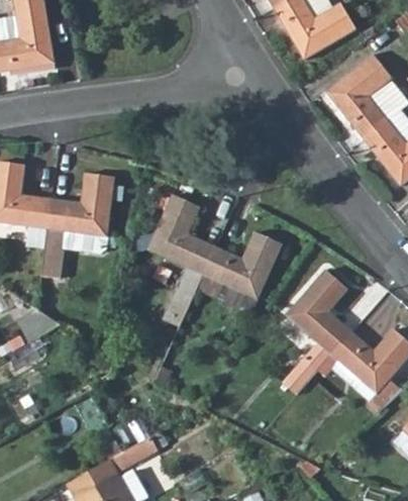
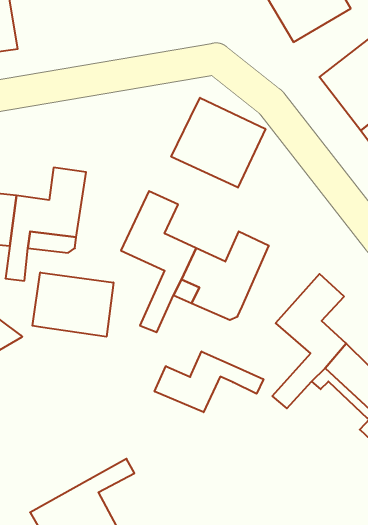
building: none -> [171,98,265,188]
building: none -> [32,272,113,337]
building: none -> [155,351,263,412]

